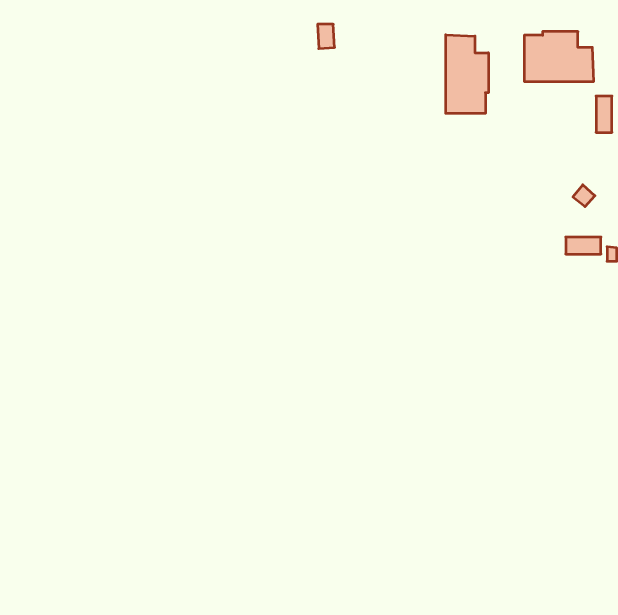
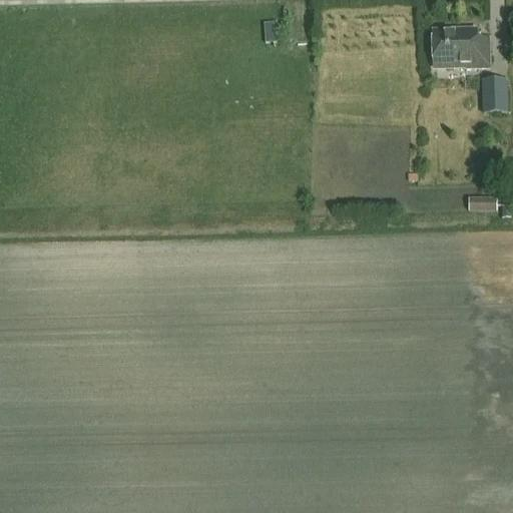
building: [446,35,488,113] -> none

